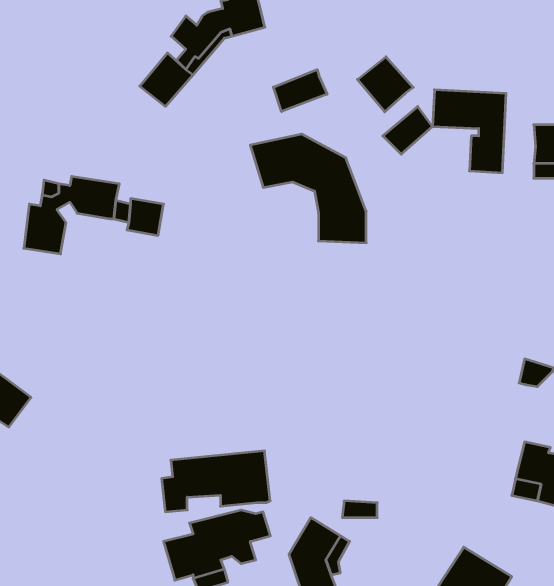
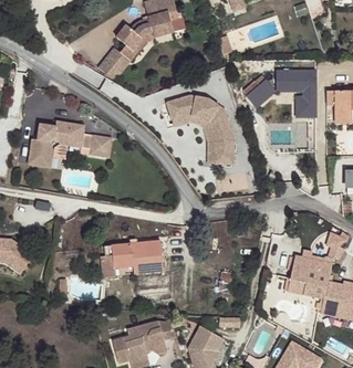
building: [357,57,413,112] -> none
building: [273,70,327,112] -> none
building: none -> [284,255,332,298]
building: [162,451,270,512] -> [98,240,164,276]

